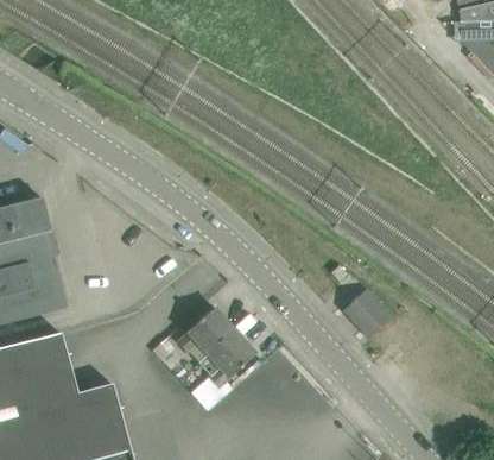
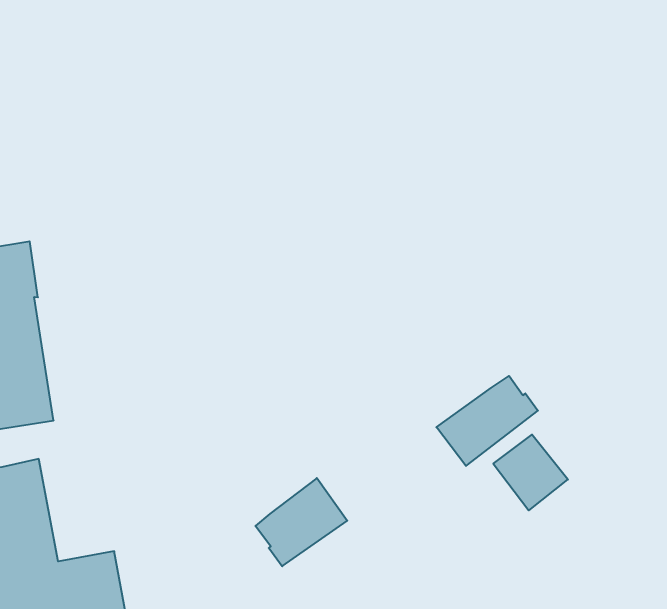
building: none -> [436,376,538,466]
building: [177,307,234,353] -> none

